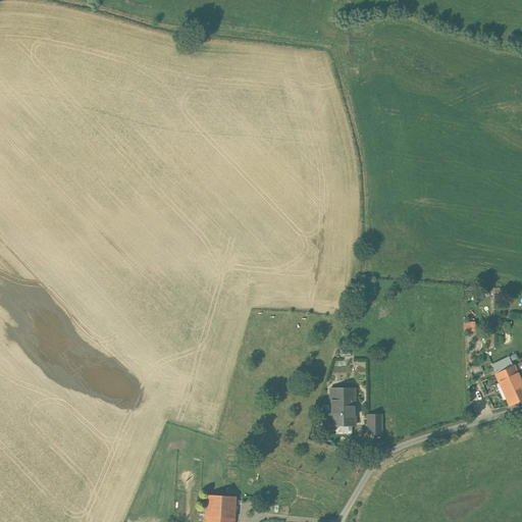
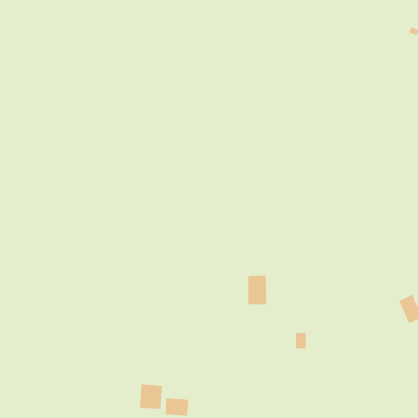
building: [331,387,356,425] -> [248,275,267,305]
building: none -> [139,384,163,410]

